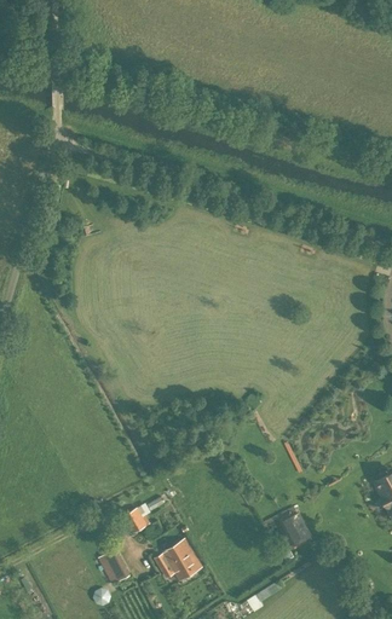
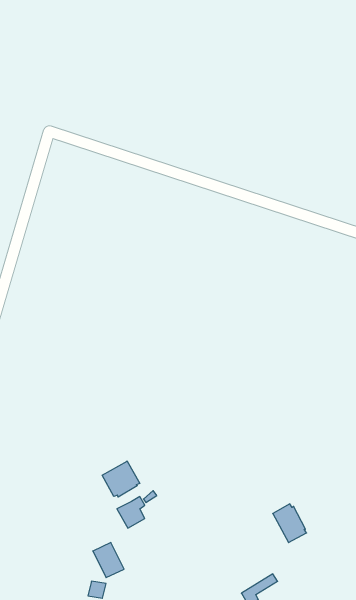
building: none -> [102,461,140,497]
building: [152,539,201,580] -> none

